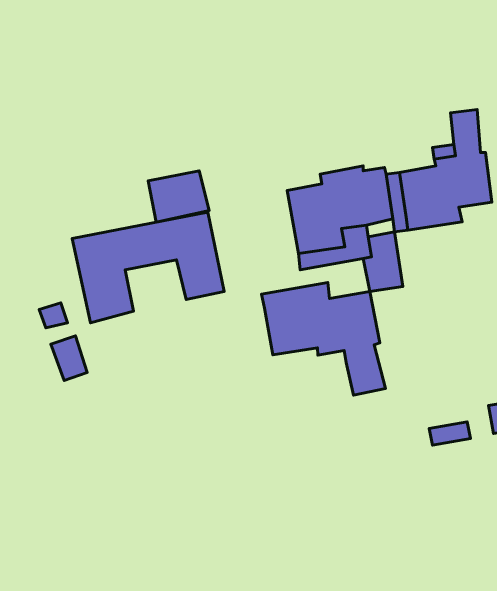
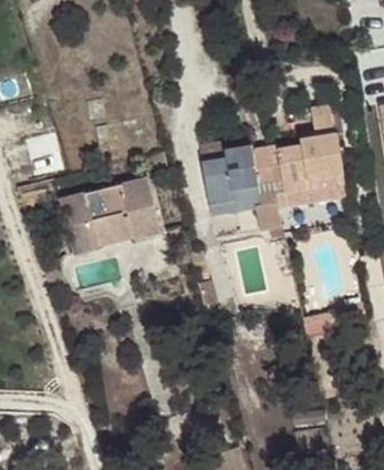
building: [148,171,209,222] -> [97,211,138,245]
building: [262,283,386,395] -> none

